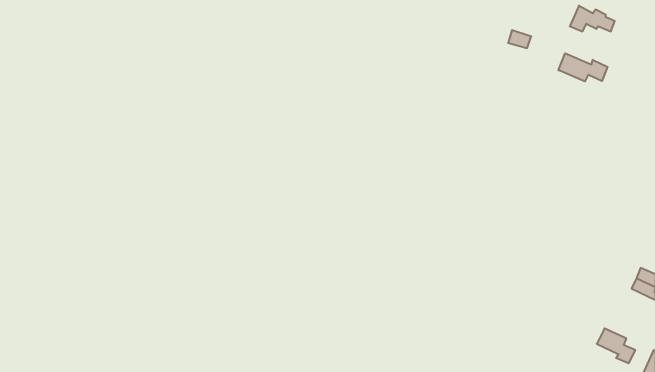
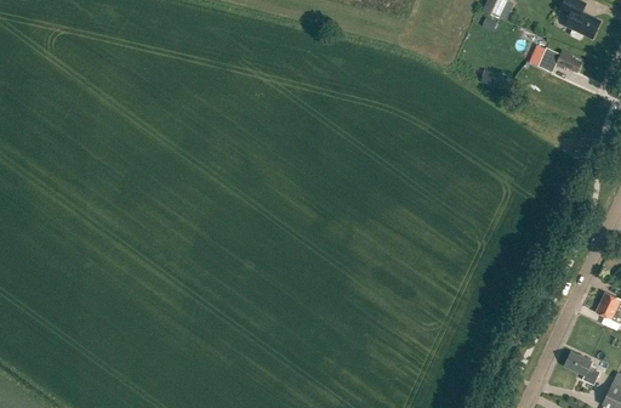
building: [558,53,608,81] -> none

